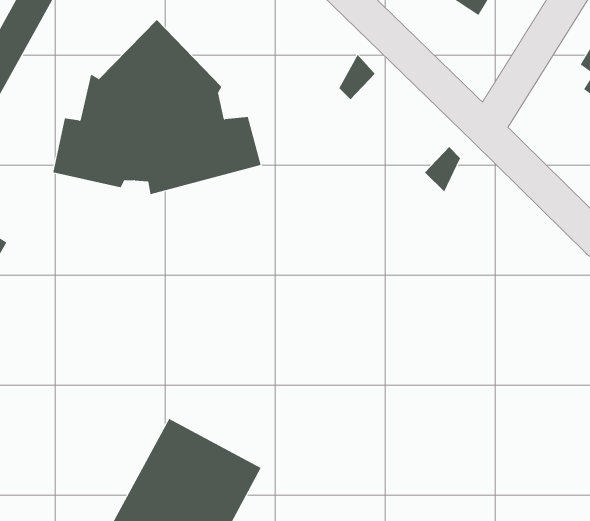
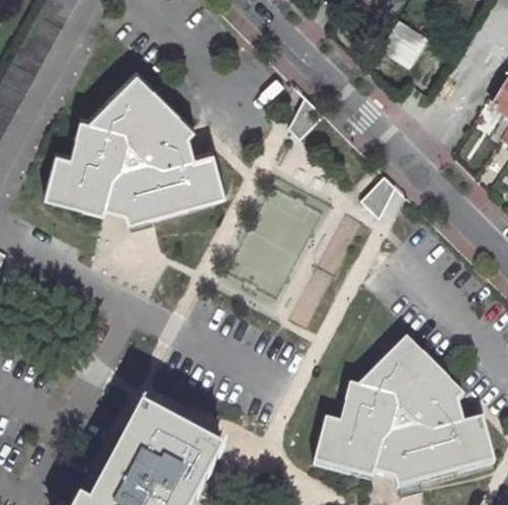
building: none -> [314,341,493,487]

